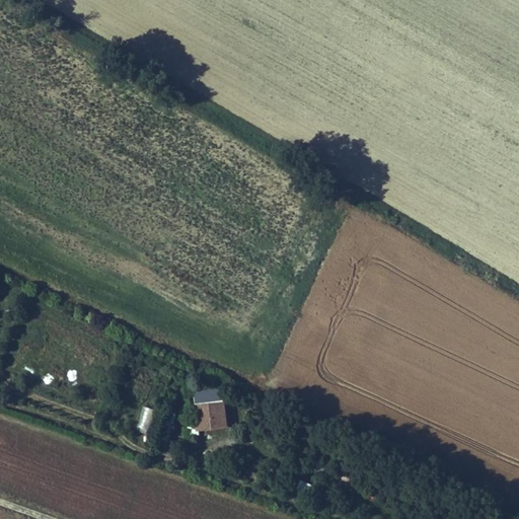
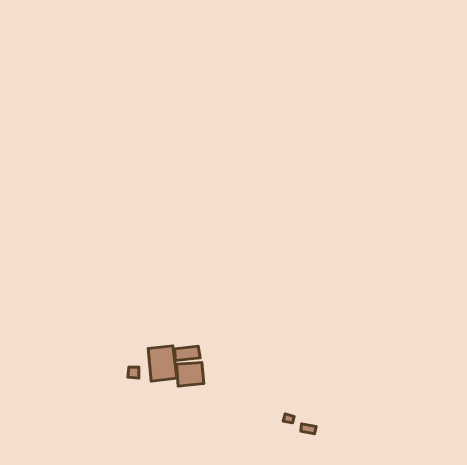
building: none -> [148,346,177,381]

